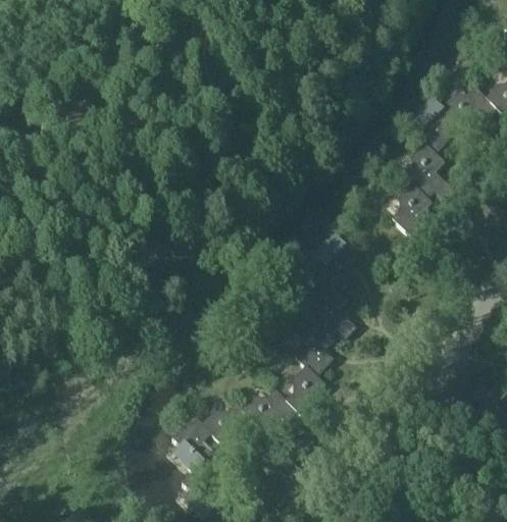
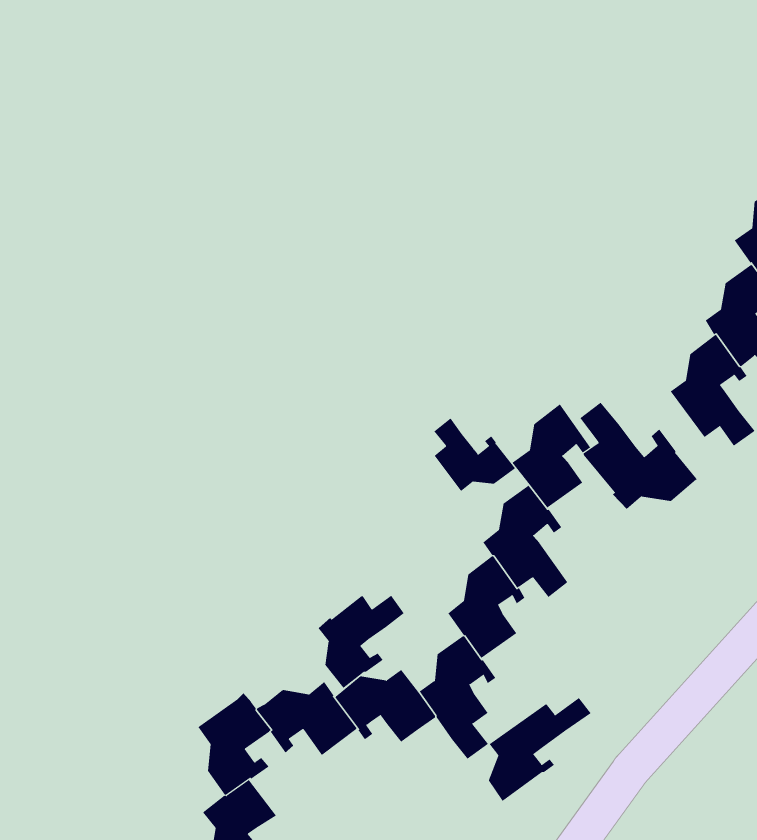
building: none -> [579,402,699,510]
building: none -> [434,418,516,492]
building: none -> [318,595,404,690]
building: none -> [488,697,591,802]

